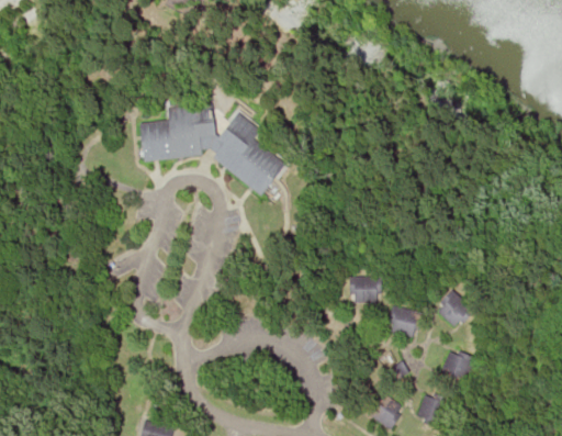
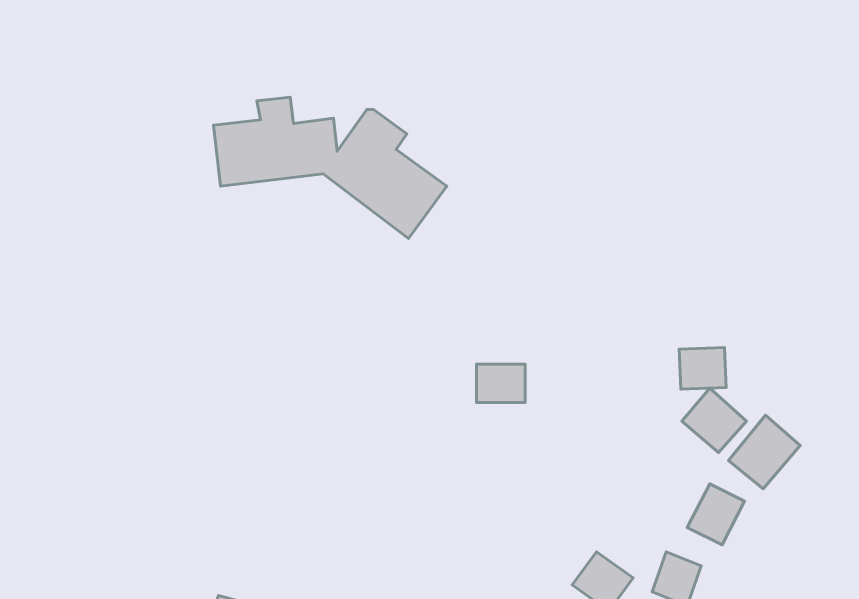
building: [350,277,381,301] -> [477,364,525,403]
building: none -> [729,415,800,489]
building: [390,309,419,335] -> [679,347,726,389]

